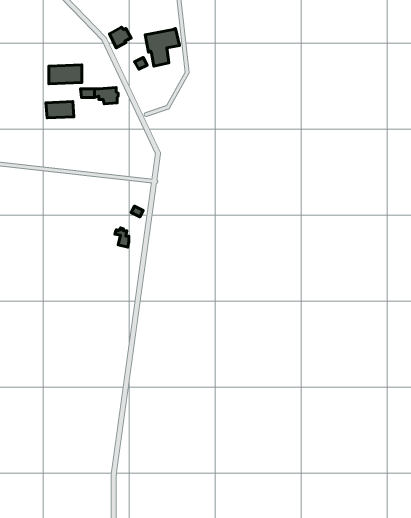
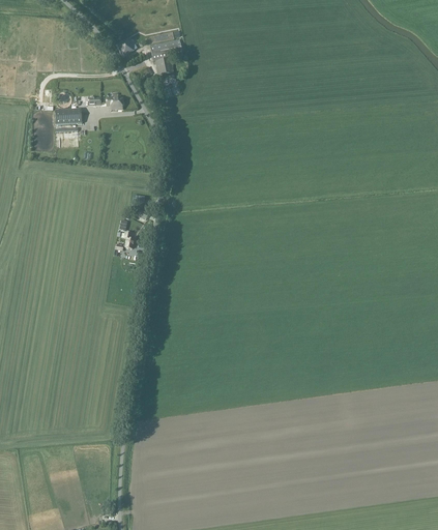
building: [49,65,82,84] -> none

